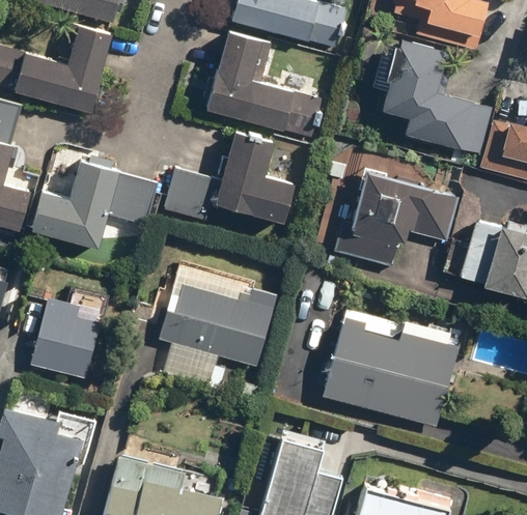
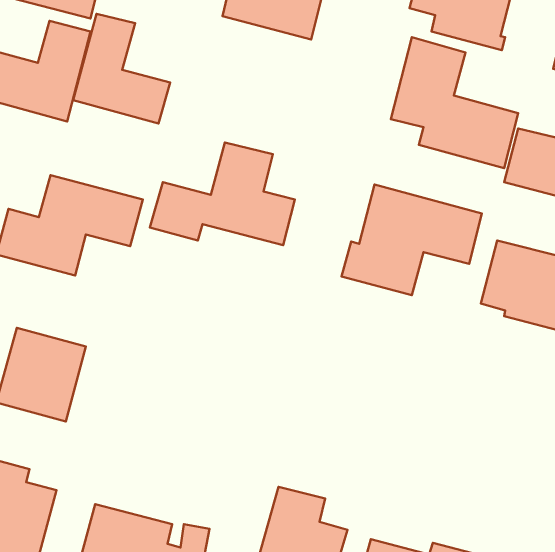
building: [206,32,293,130] -> [73,14,170,123]
building: [160,273,283,390] -> none
building: [321,312,459,428] -> none

